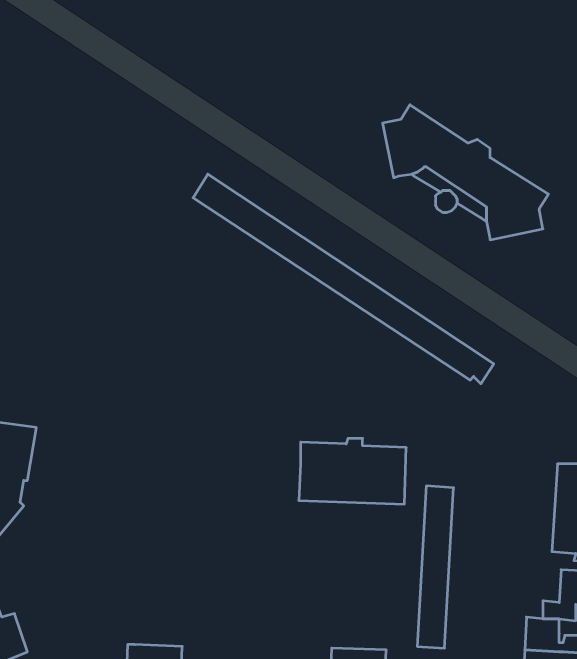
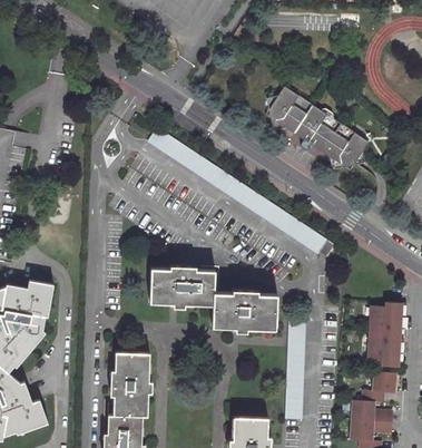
building: none -> [149,266,215,306]
building: none -> [109,354,149,418]

